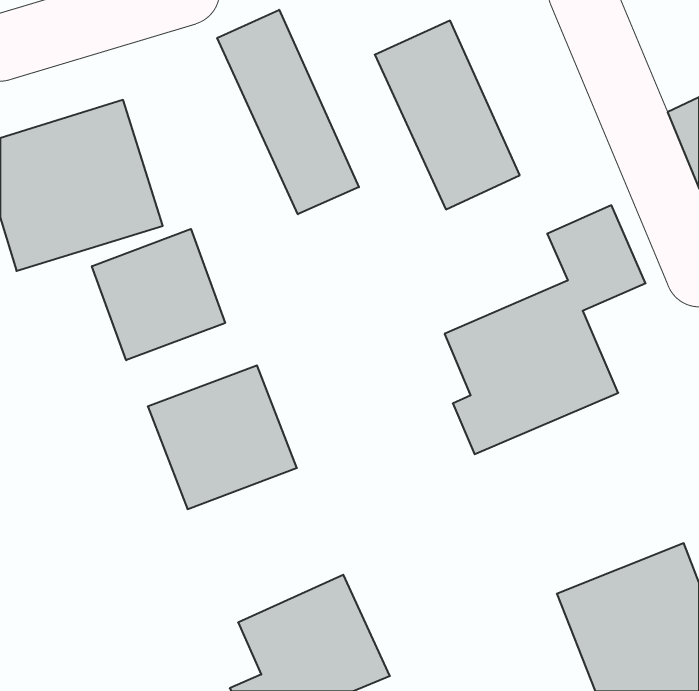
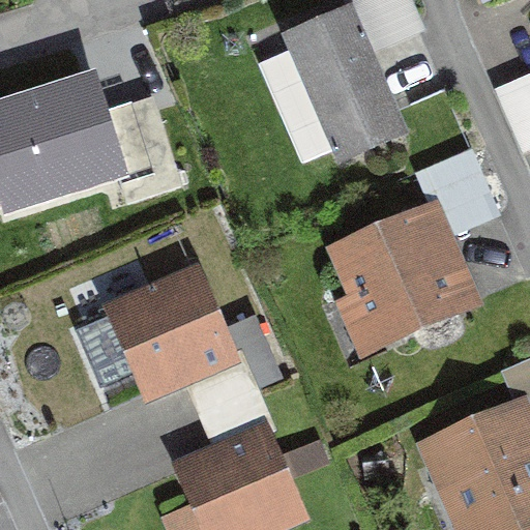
building: [217,10,359,214] -> none
building: [92,229,225,360] -> none

